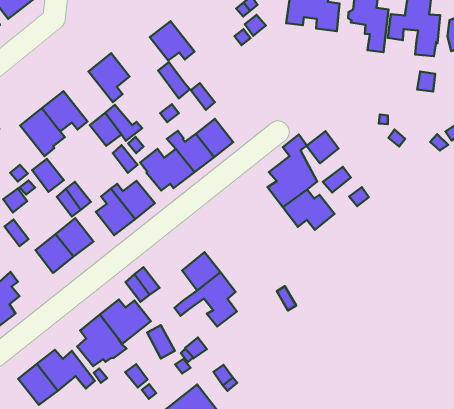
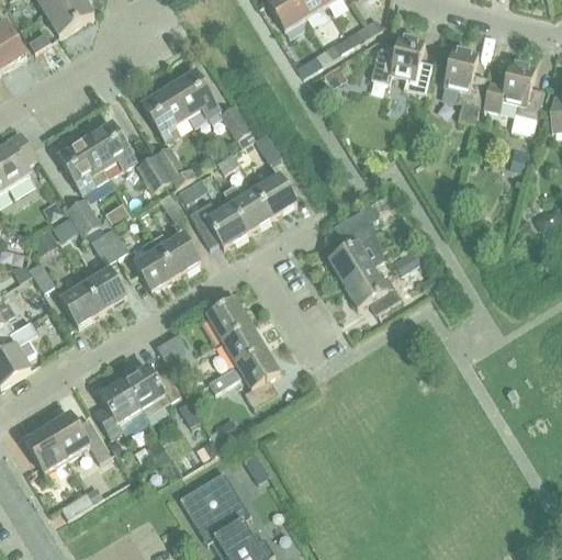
building: [150,21,195,61] -> [170,72,218,117]
building: [306,131,339,163] -> none
building: none -> [206,299,249,340]

